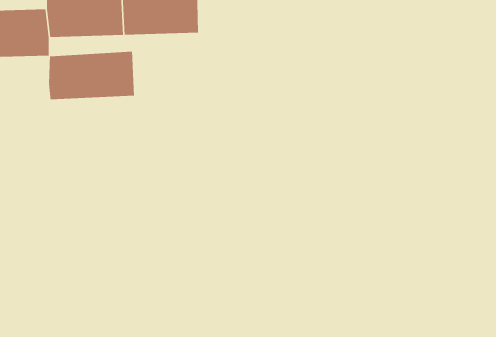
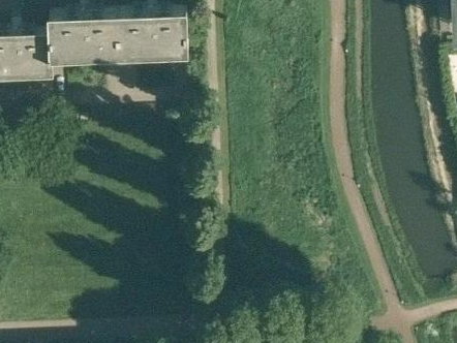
building: [49,51,134,100] -> none

